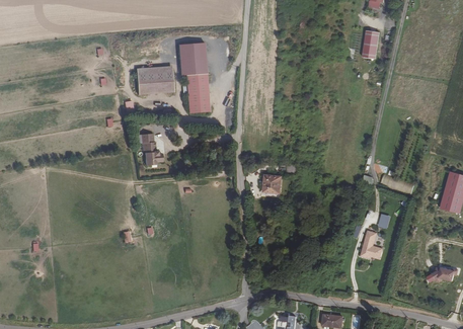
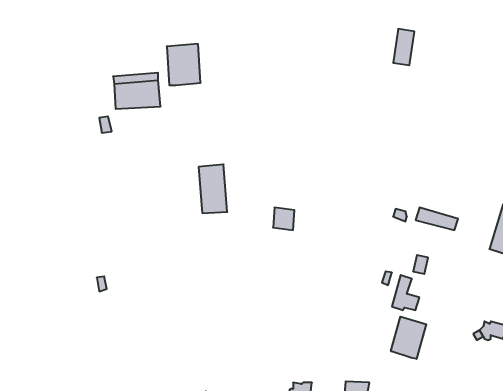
building: [185,73,209,112] -> [199,164,227,213]
building: [140,133,161,165] -> none
building: none -> [391,317,426,359]

